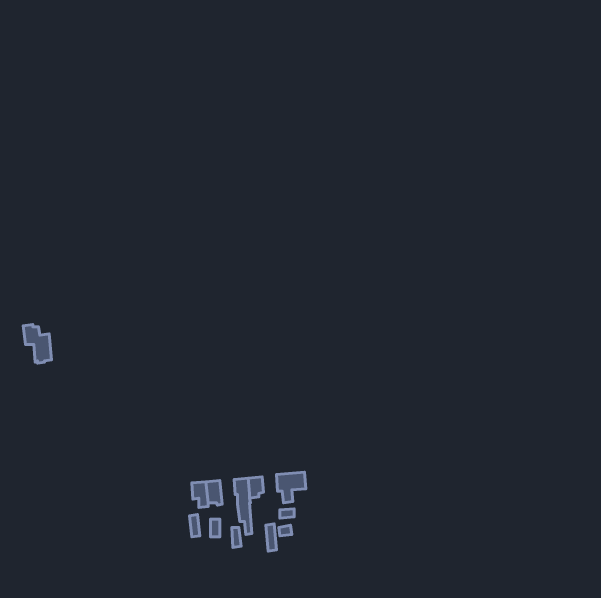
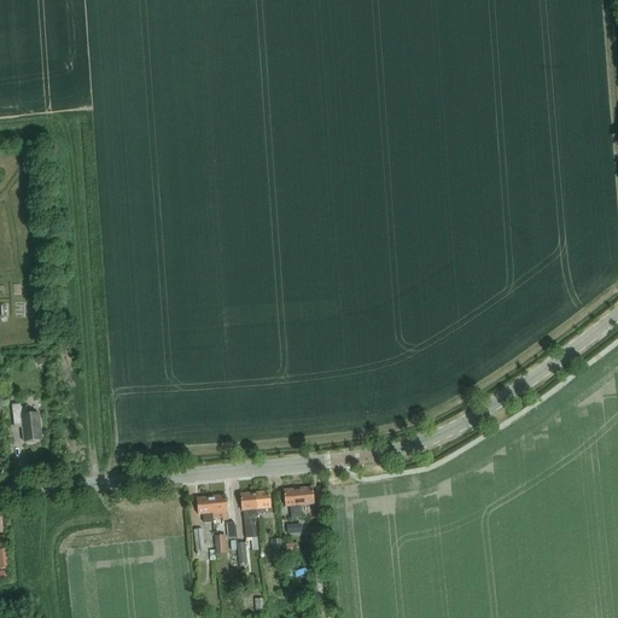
building: [23,325,52,363] -> [12,402,41,442]

